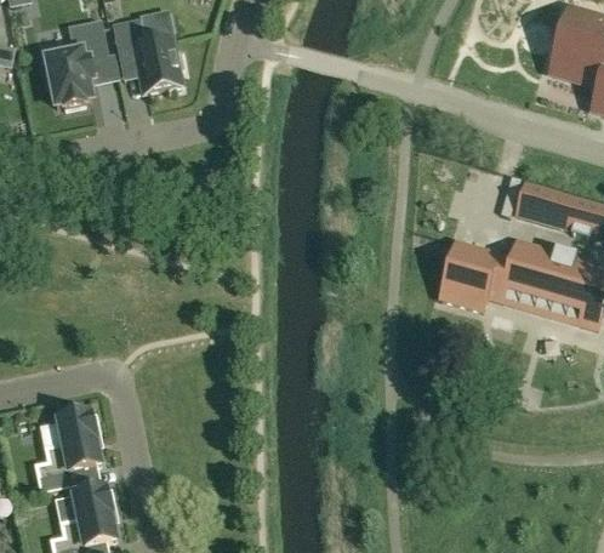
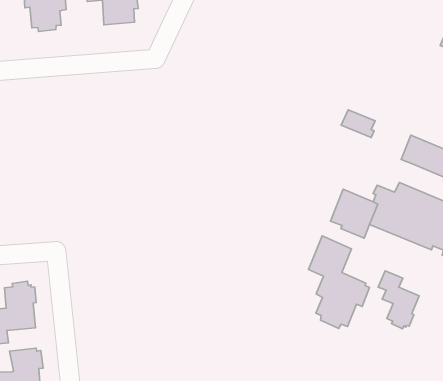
building: [451,238,491,268] -> [341,110,375,138]
building: none -> [308,236,370,329]
building: none -> [378,271,419,329]

